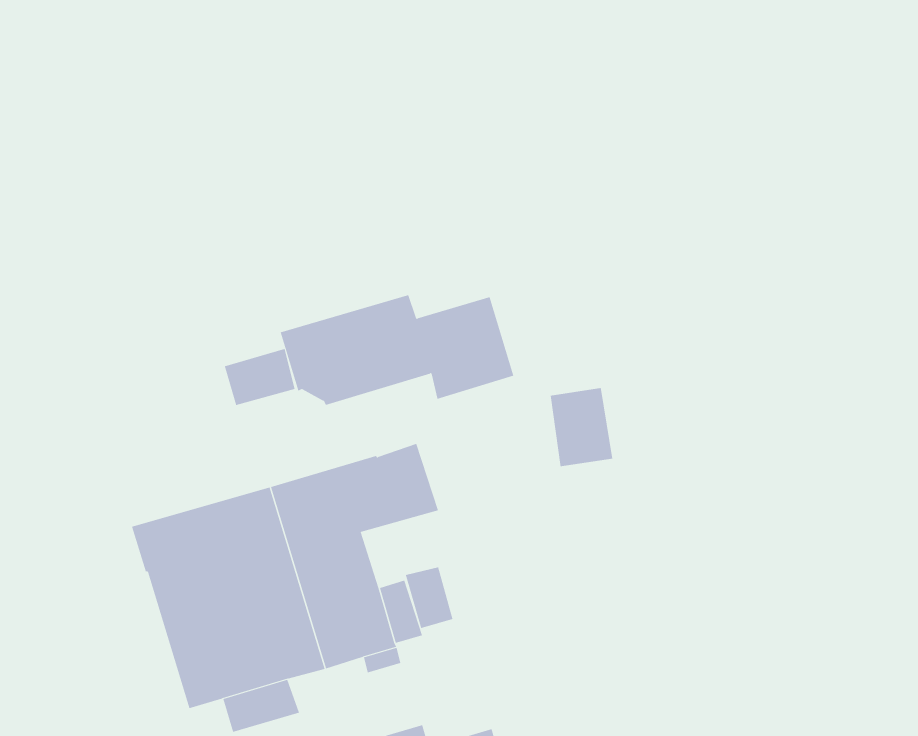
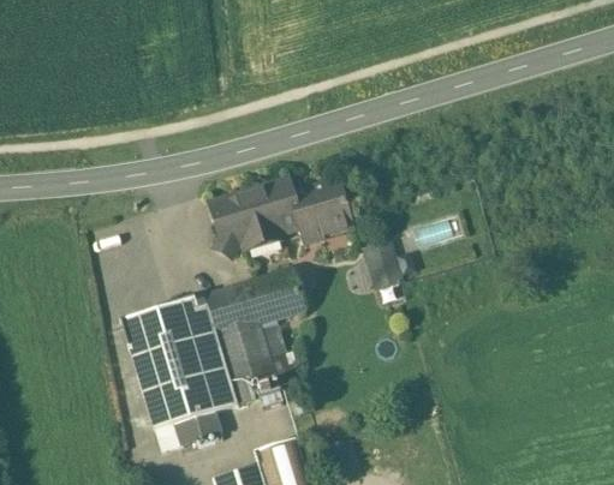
building: [224,348,295,406] -> none
building: [405,567,453,629] -> none

